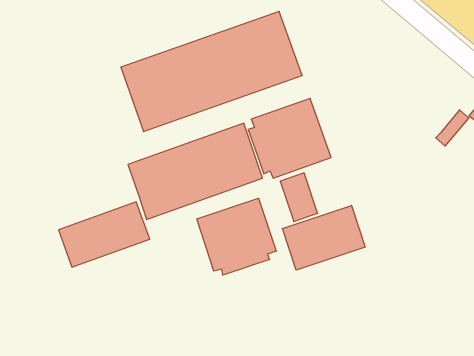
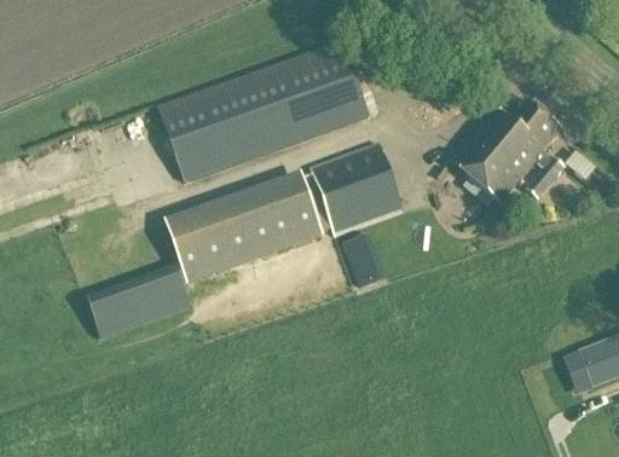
building: none -> [450,102,561,203]
building: [197,198,276,275] -> none
building: [282,205,365,270] -> none

